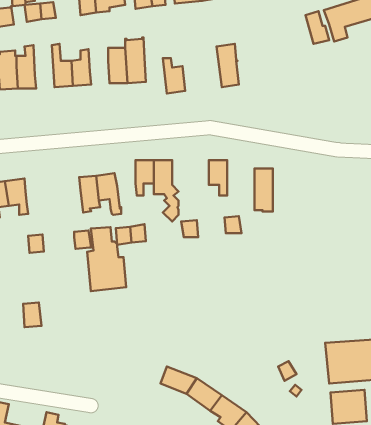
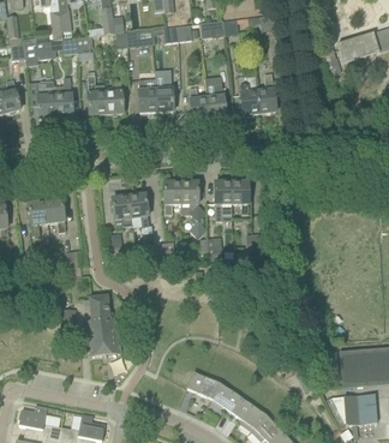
building: none -> [257,73,276,112]
building: none -> [205,77,227,118]
building: [255,168,273,212] -> [215,181,232,221]
building: [87,227,126,291] -> [88,297,124,355]

